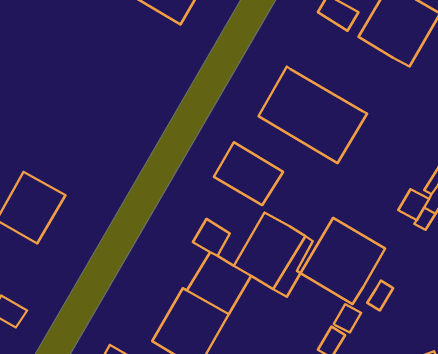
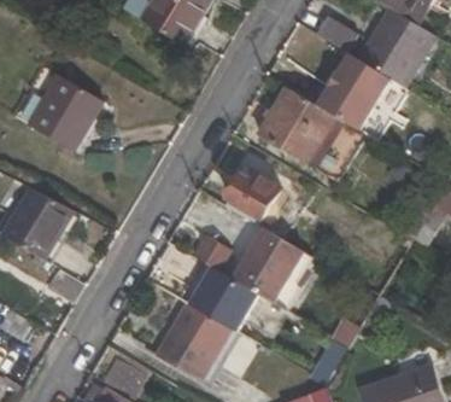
building: none -> [320,52,391,129]
building: none -> [28,74,102,151]
building: [301,218,385,304] -> none

